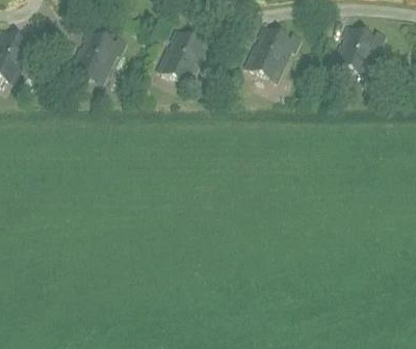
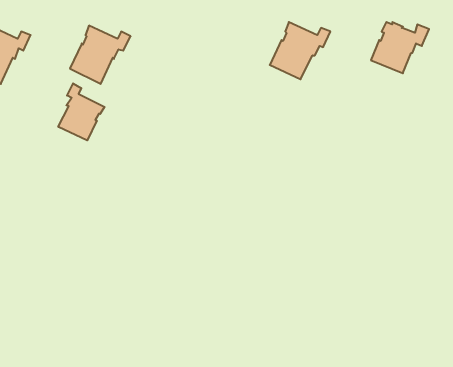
building: [160,31,212,82] -> none
building: none -> [58,83,105,140]

